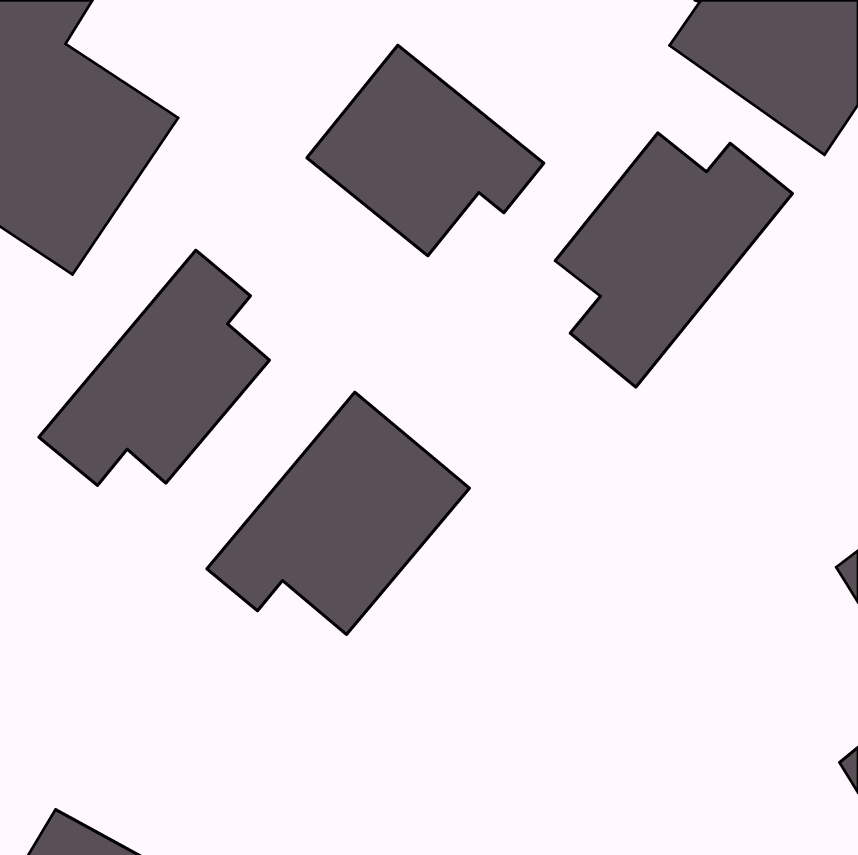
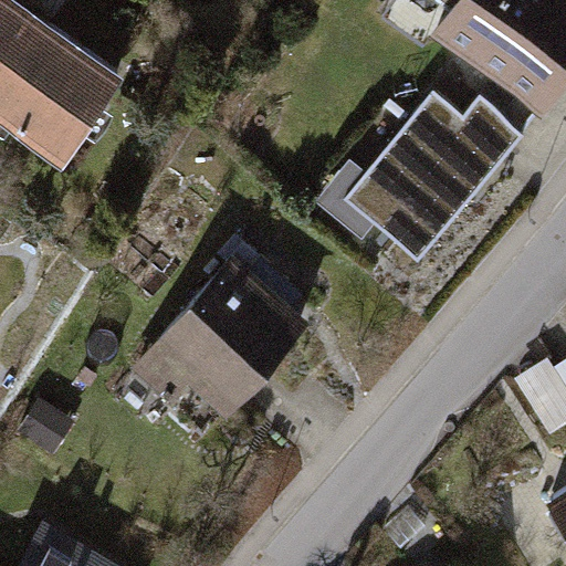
building: [307,45,544,256] -> none
building: [39,250,270,485] -> none

